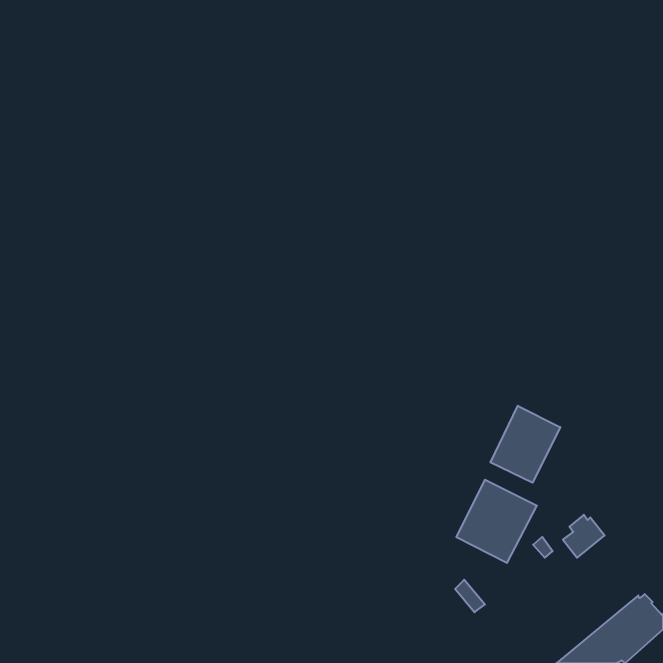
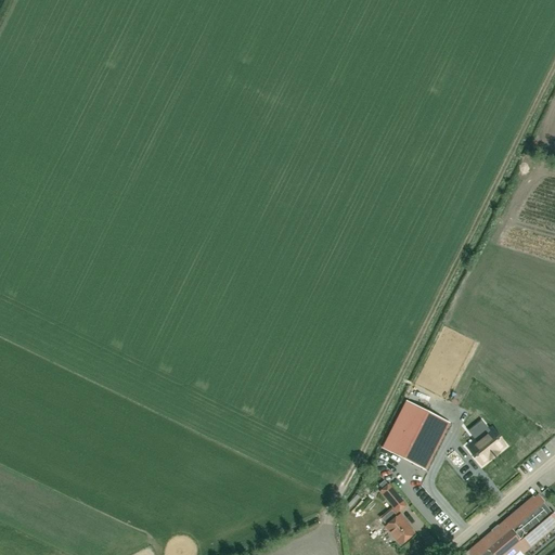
building: [491,406,560,483] -> none
building: none -> [384,514,413,544]

